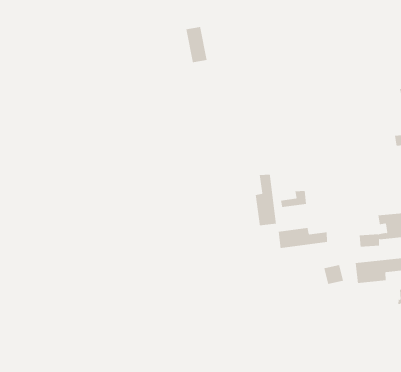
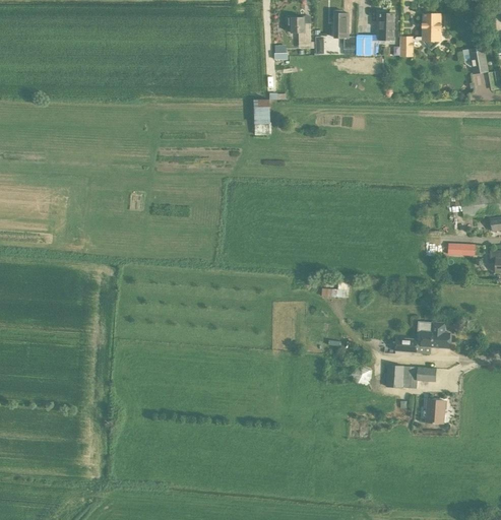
building: [255,174,277,226] -> none
building: [278,227,328,249] -> none

